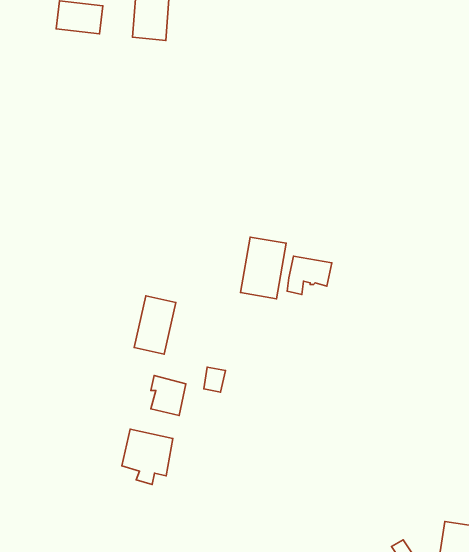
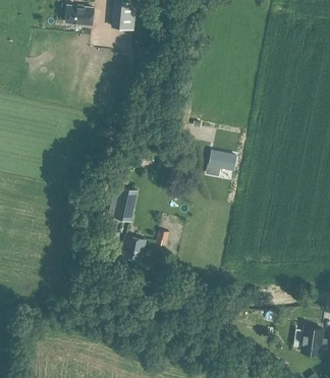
building: [241,237,286,299] -> none
building: [122,429,173,484] -> none

